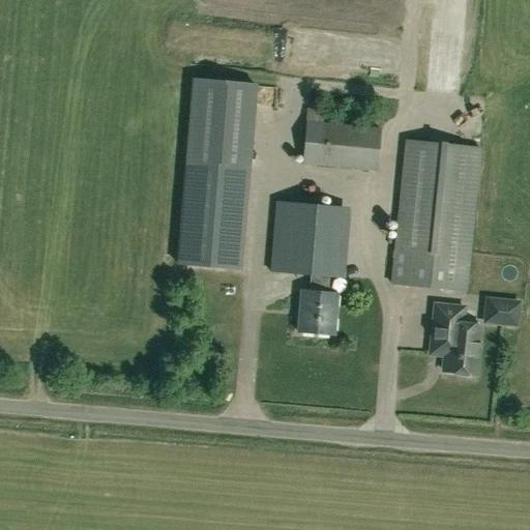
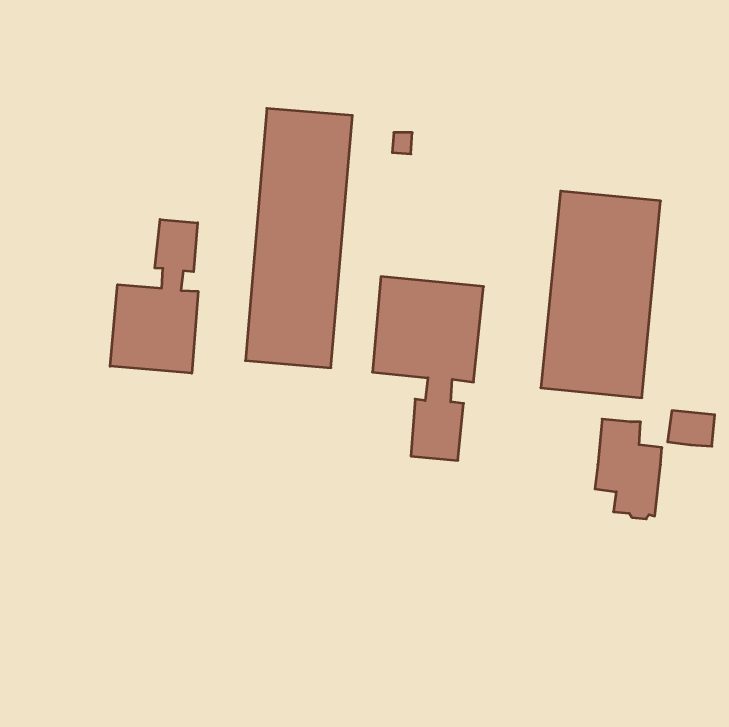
building: [302,107,381,170] -> none
building: none -> [110,219,198,373]

